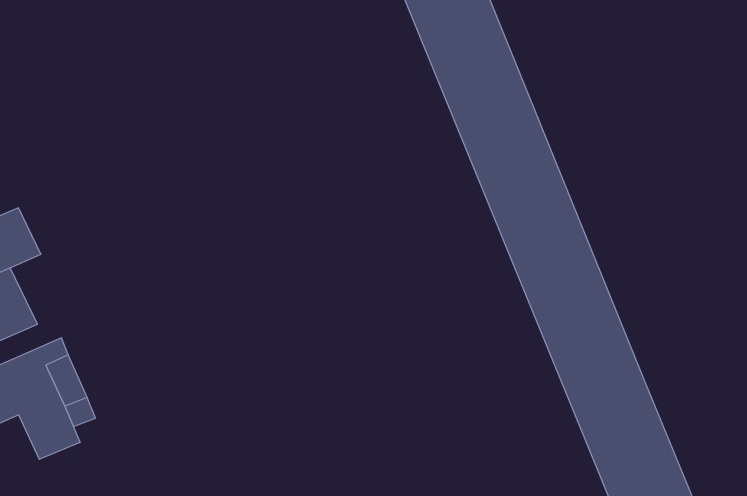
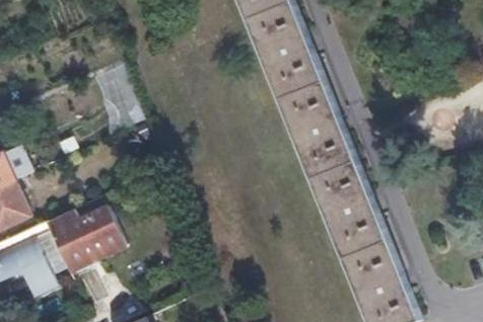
building: none -> [46,210,124,271]

